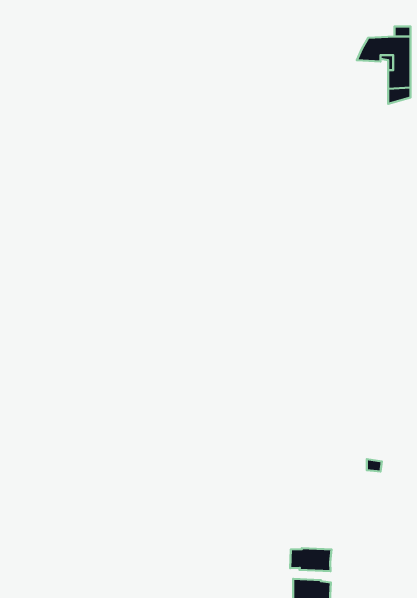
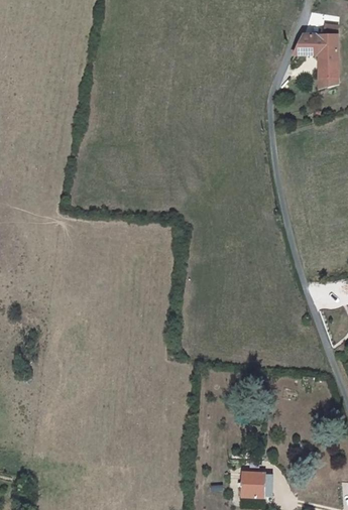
building: [290,548,332,571] -> none

